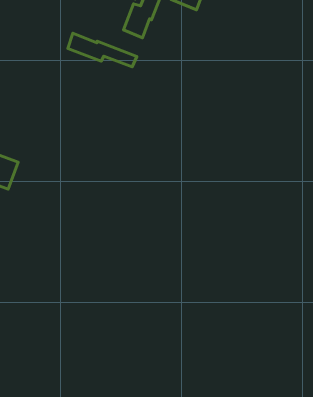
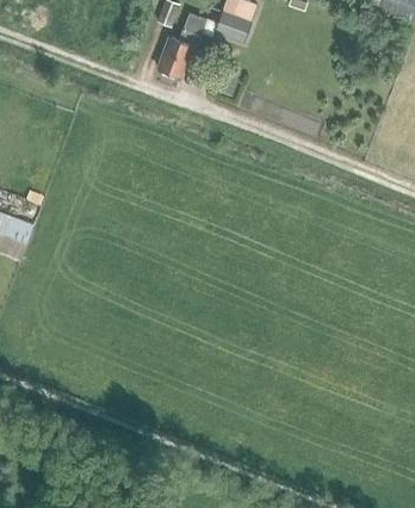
building: [68,33,137,67] -> none

